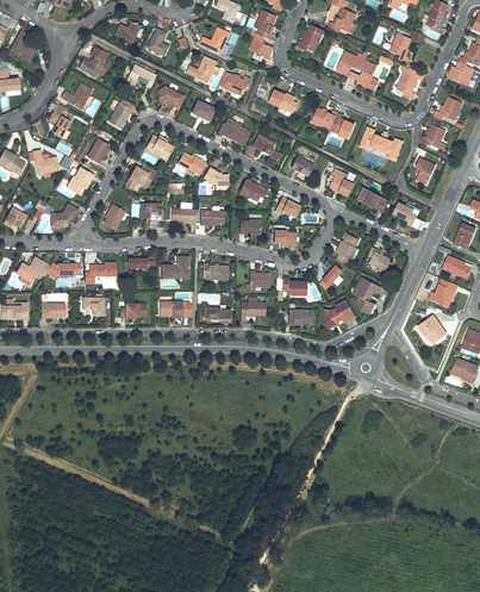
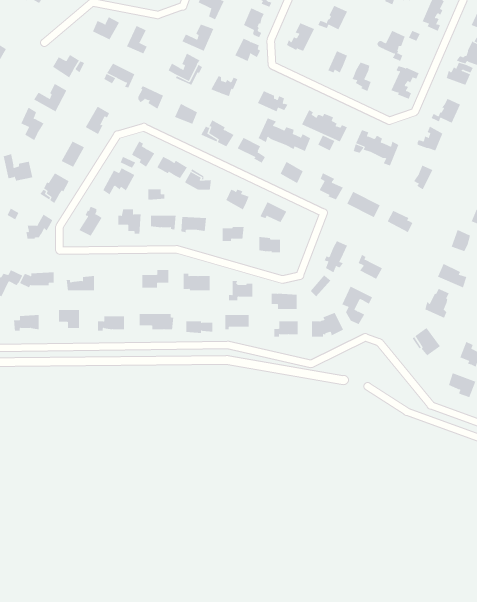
building: none -> [258,118,311,152]

